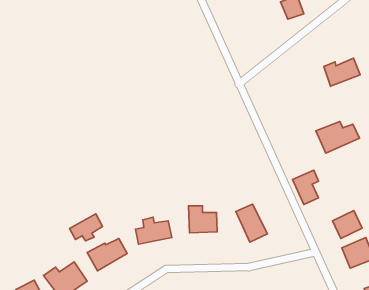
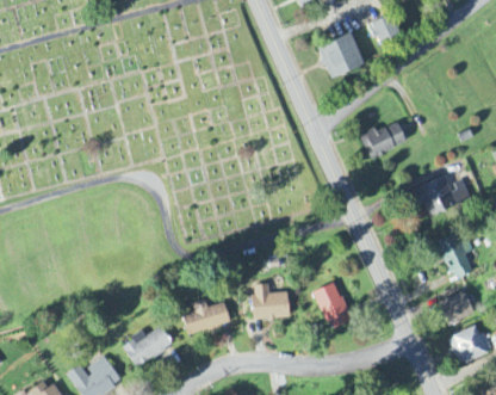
building: none -> [317,32,364,78]
building: [324,58,360,86] -> [360,122,407,158]
building: [293,170,319,204] -> [440,236,473,280]
building: [69,214,102,241] -> none

